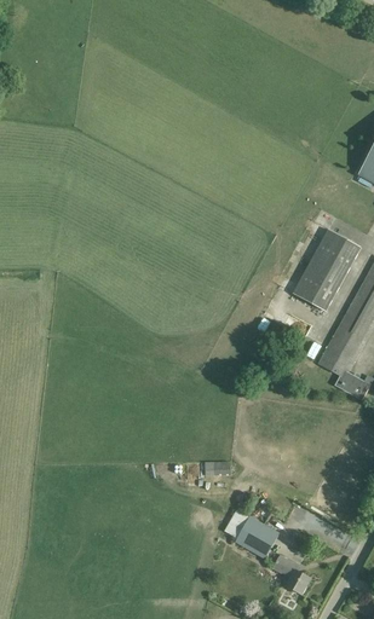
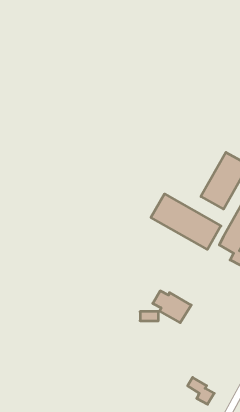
building: none -> [151,194,221,249]
building: [224,511,280,557] -> [153,291,191,323]

